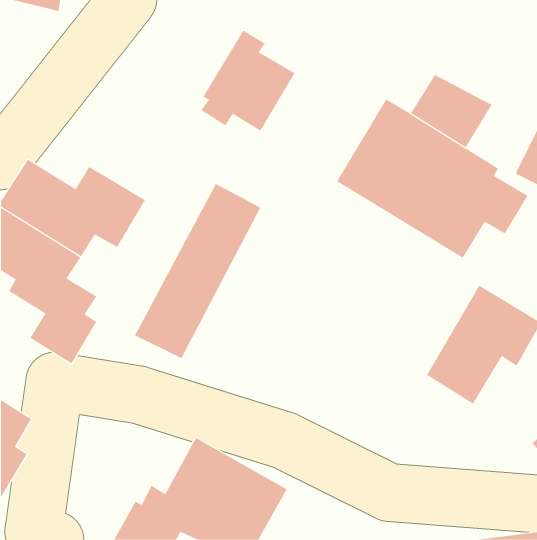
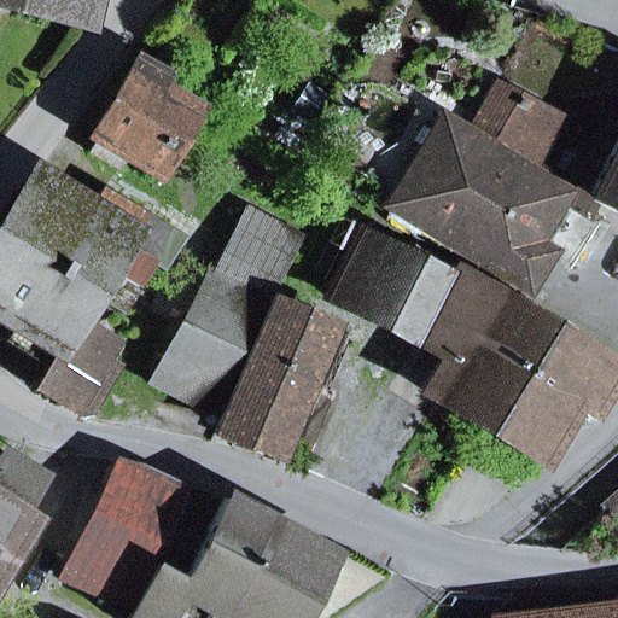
building: [200,30,296,132] -> [92,59,200,175]
building: none -> [326,228,550,427]
building: none -> [217,302,333,457]
building: none -> [71,461,186,600]

